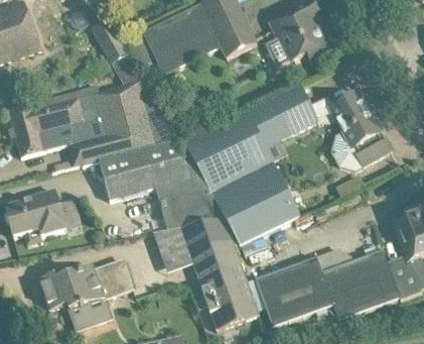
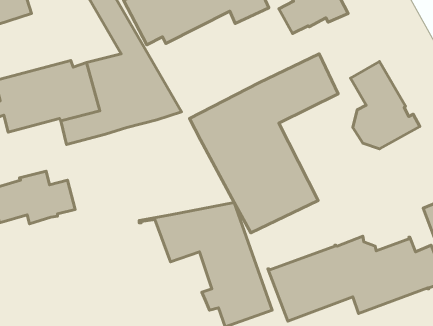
building: [99,138,225,229] -> none
building: [39,259,133,323] -> none

